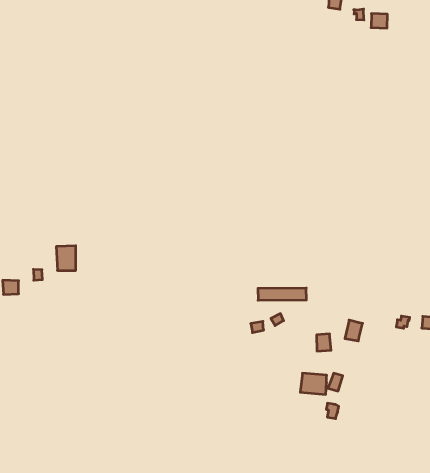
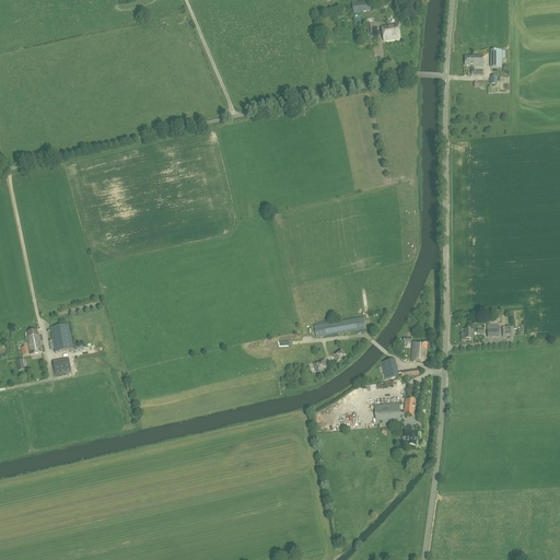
building: [56,246,76,270] -> [48,322,72,350]

